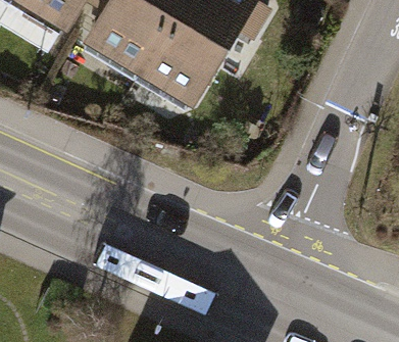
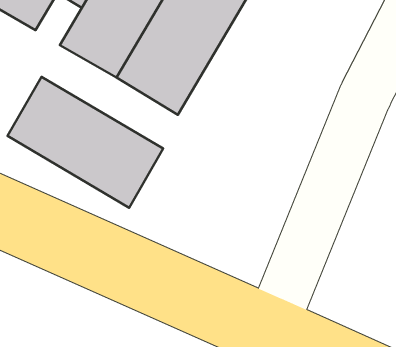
building: none -> [8,77,163,208]

